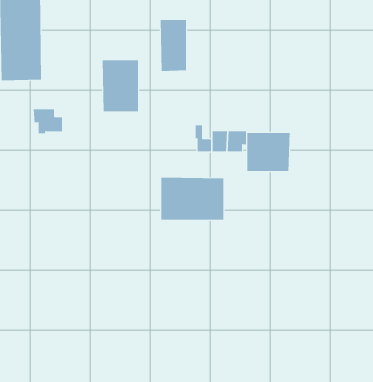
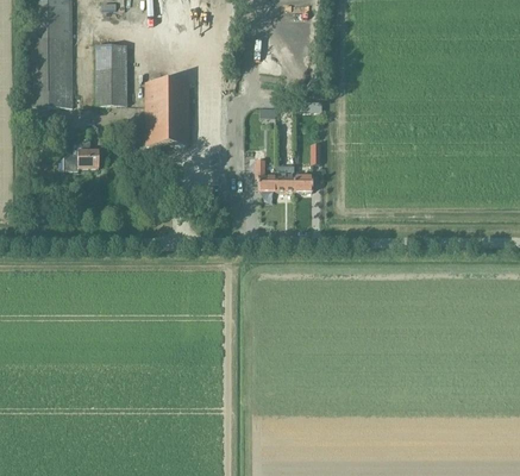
building: [160,19,187,71] -> [95,44,127,106]
building: [247,132,290,172] -> none
building: [161,177,224,220] -> none

